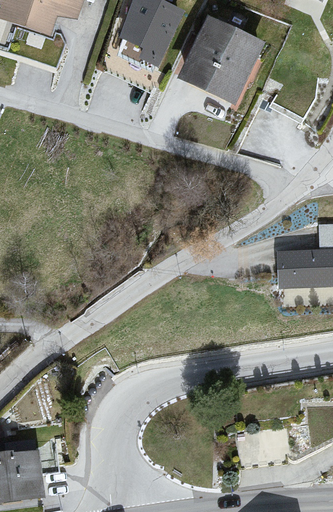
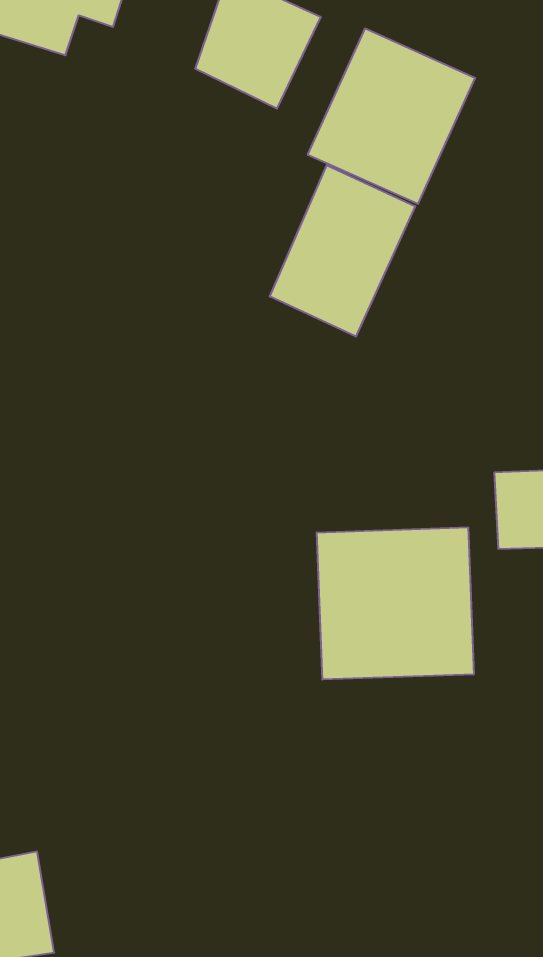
building: none -> [270,165,415,337]
building: none -> [317,527,474,680]

